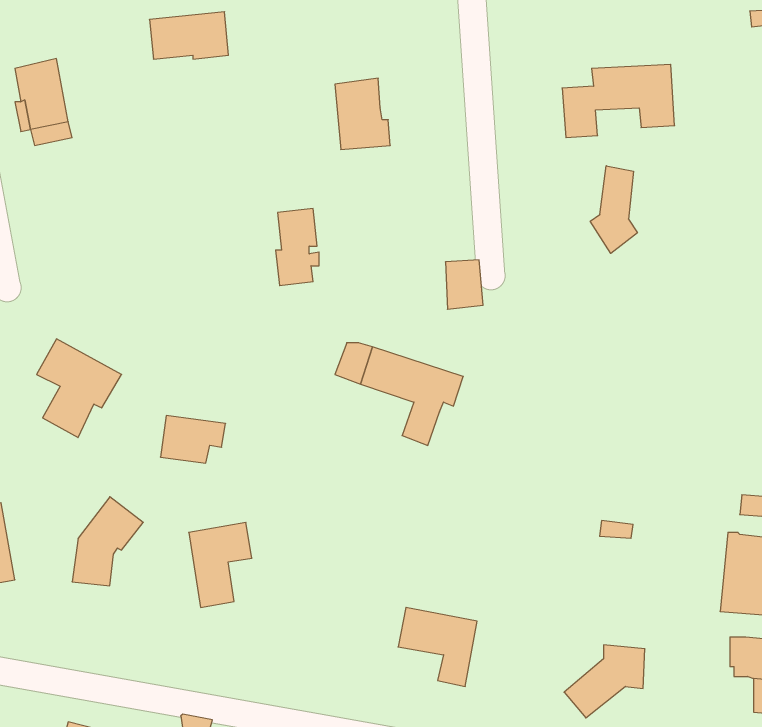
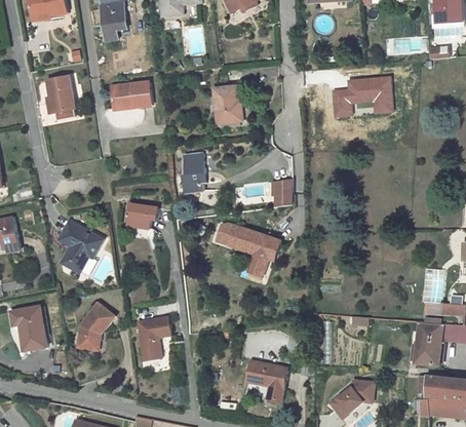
building: [149,12,228,59] -> [111,82,152,107]
building: [590,166,637,253] -> none
building: [160,416,226,463] -> [125,203,159,228]

